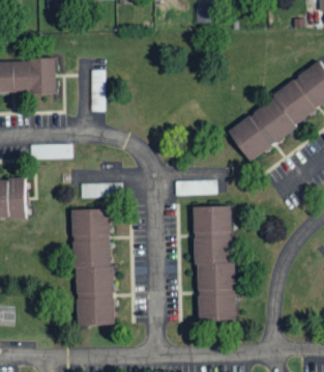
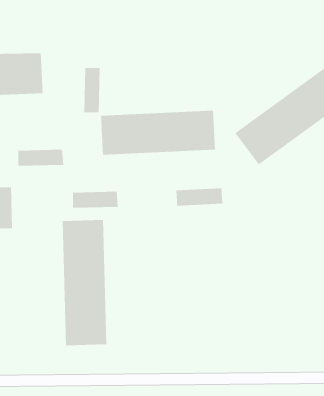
building: none -> [101,110,215,156]
building: [194,205,236,320] -> none

